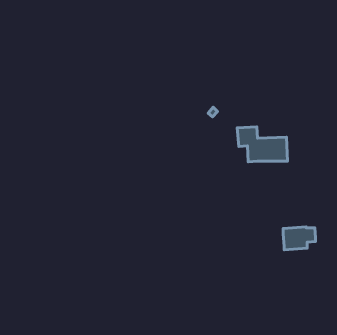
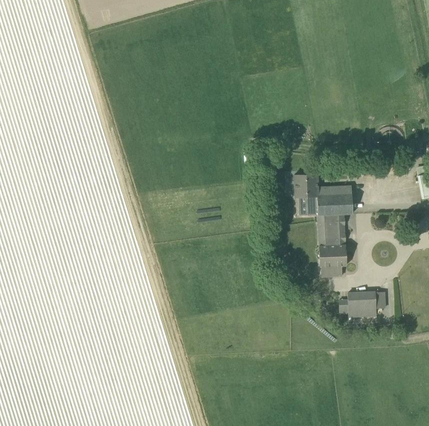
building: none -> [317,213,346,275]

